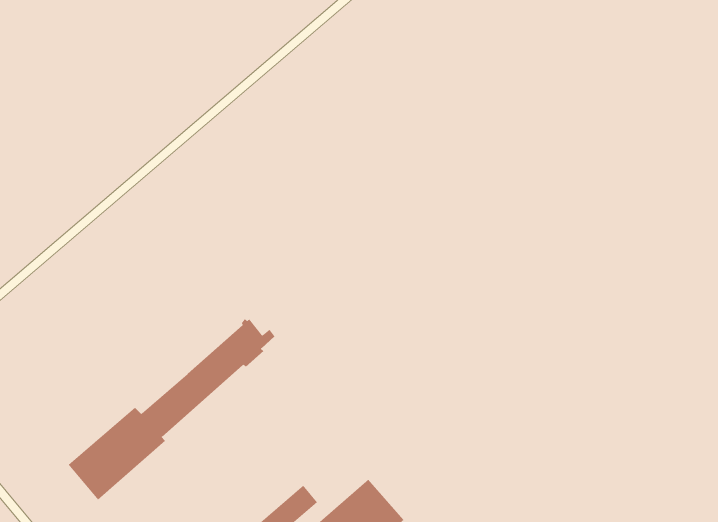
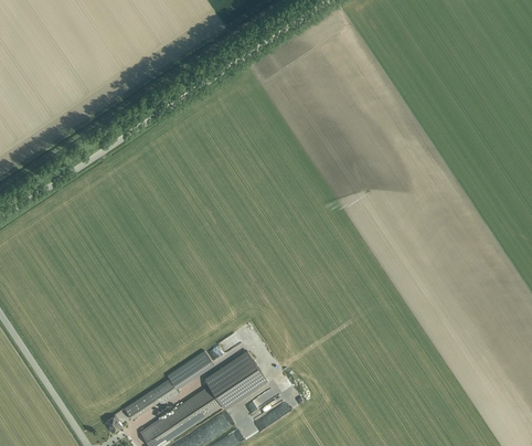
building: [68,318,275,500] -> none

